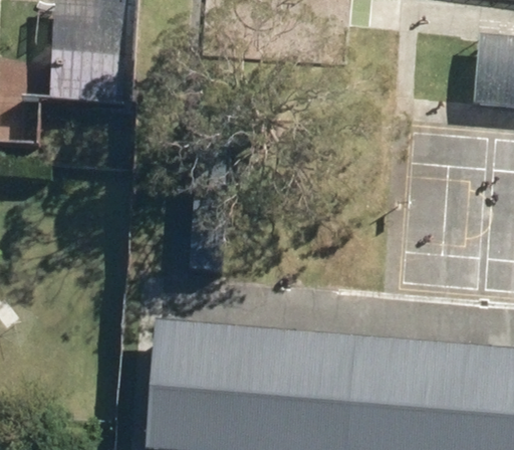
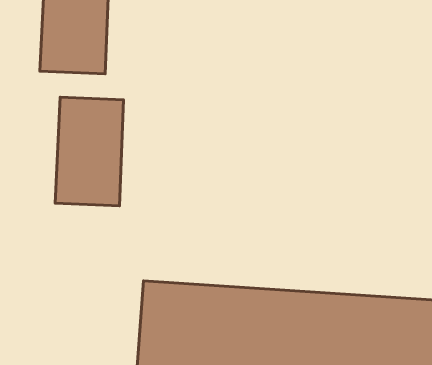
building: none -> [55,97,123,206]

